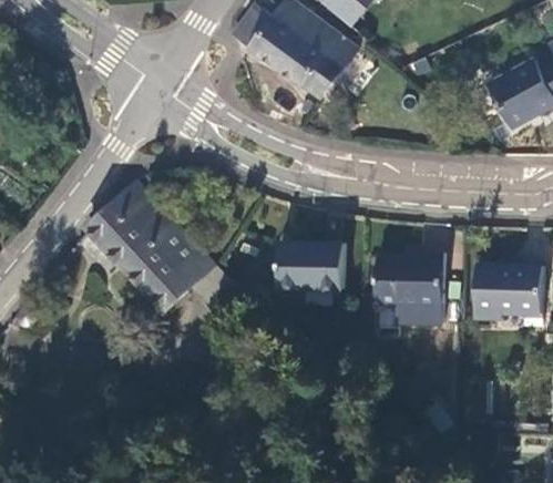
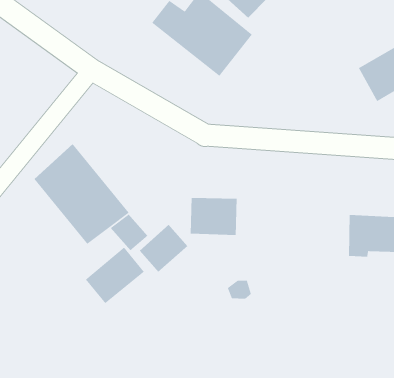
building: [376,254,444,325] -> none
building: none -> [139,224,188,273]
building: none -> [85,247,145,304]

